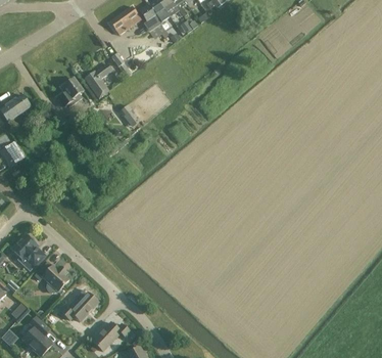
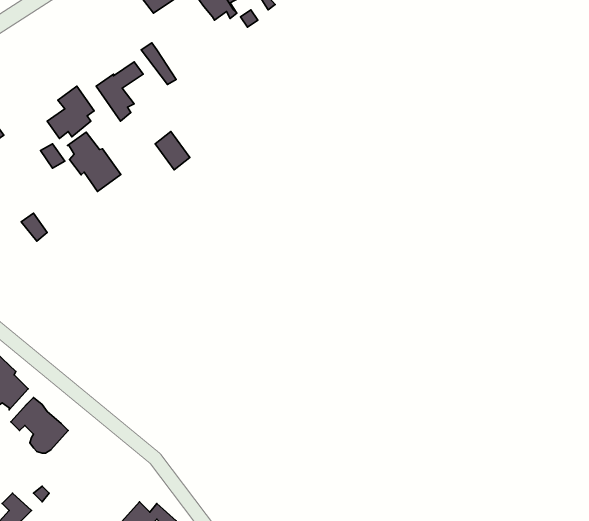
building: none -> [67,132,121,191]
building: [59,293,98,321] -> none

